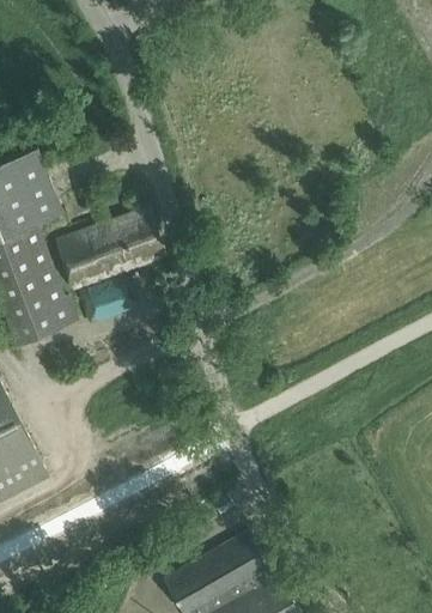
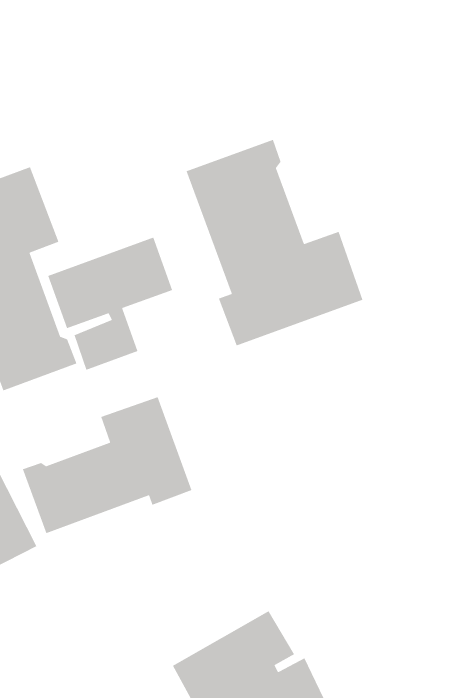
building: none -> [186,139,364,346]
building: none -> [22,396,193,534]

